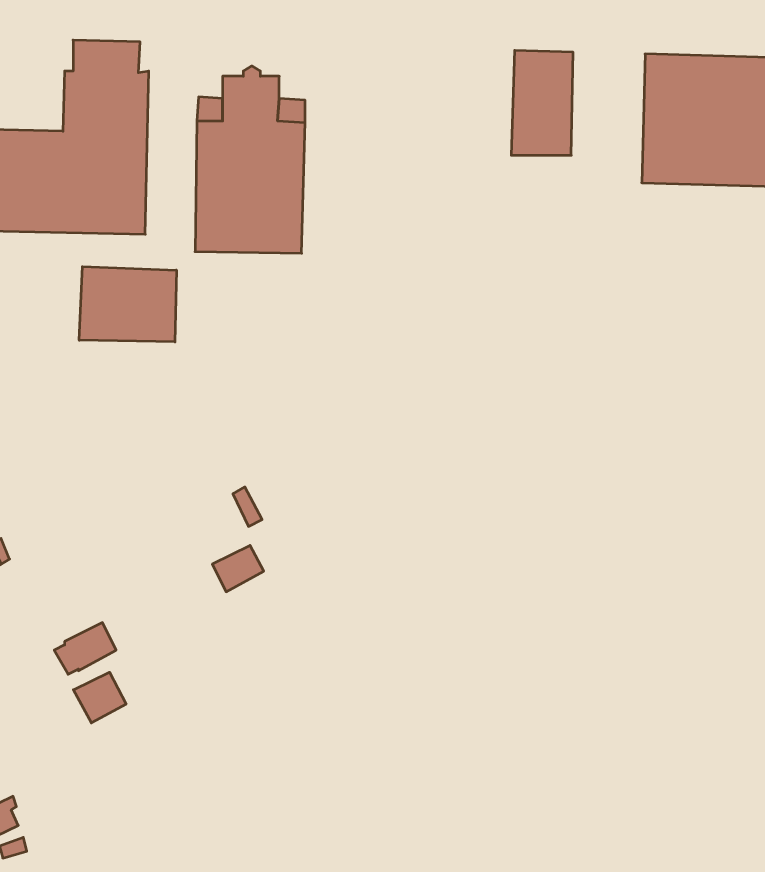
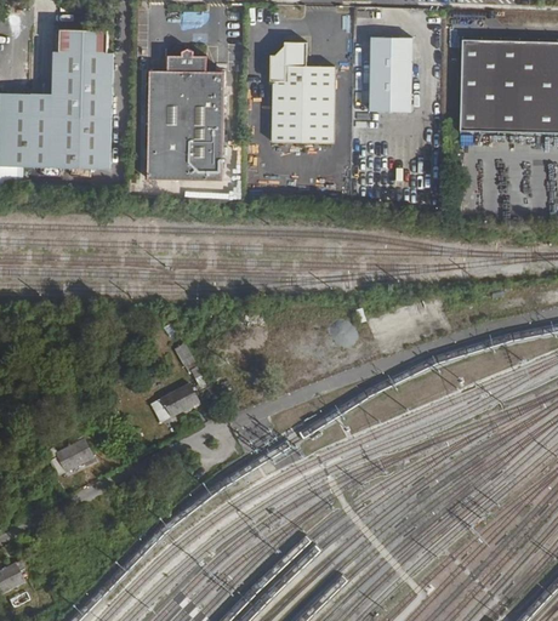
building: none -> [268,40,334,142]
building: [79,267,176,342] -> none
building: [73,672,126,723] -> none

